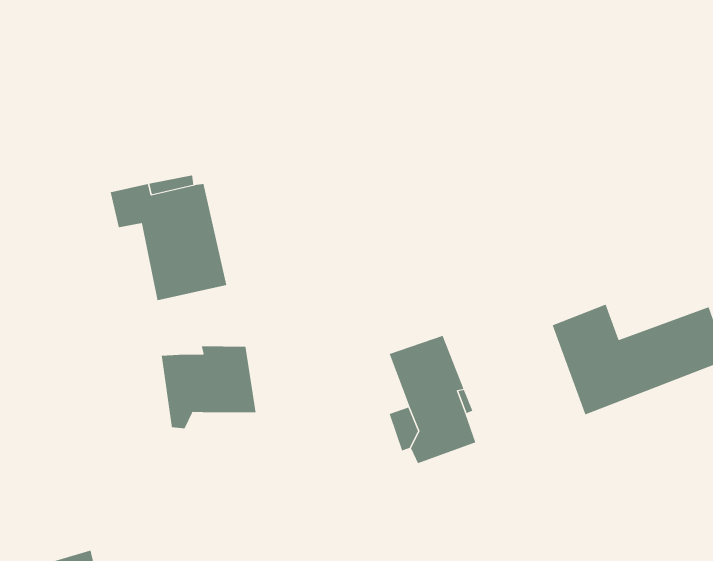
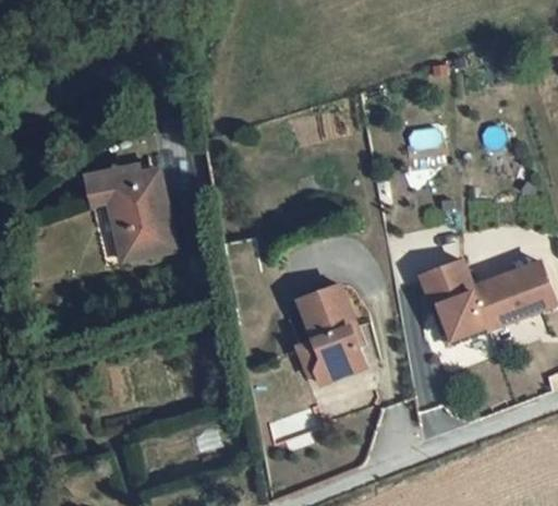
building: [161,345,256,429] -> none

